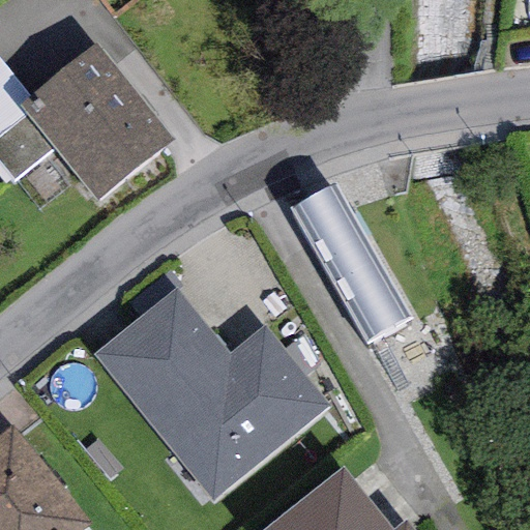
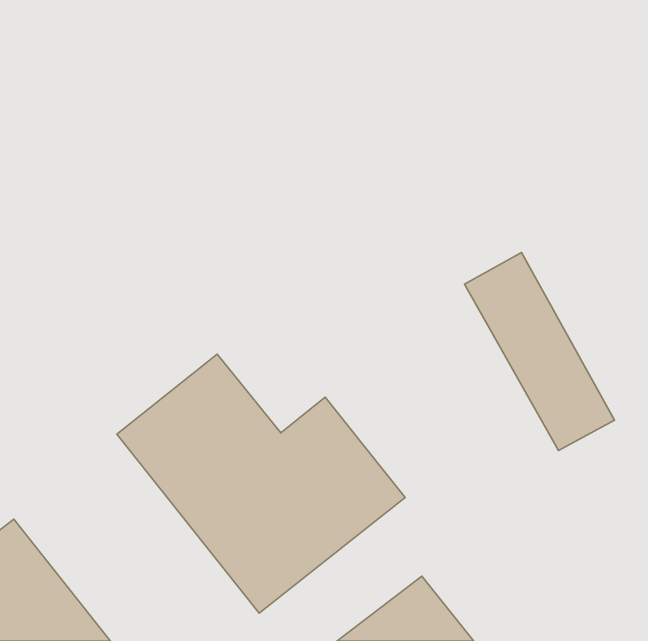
building: [19,45,173,202] -> none
building: [291,184,413,346] -> [464,252,614,450]

